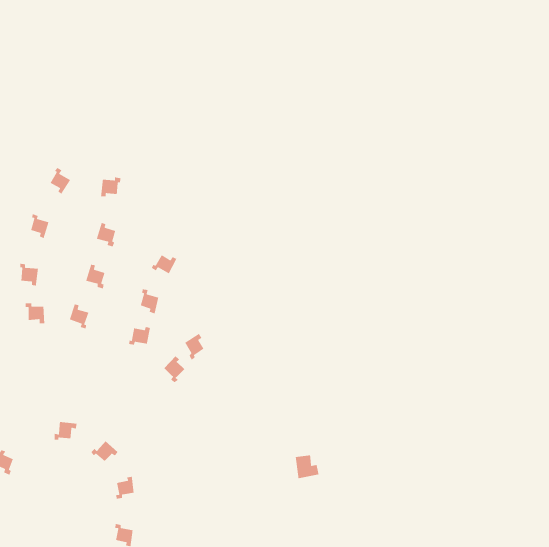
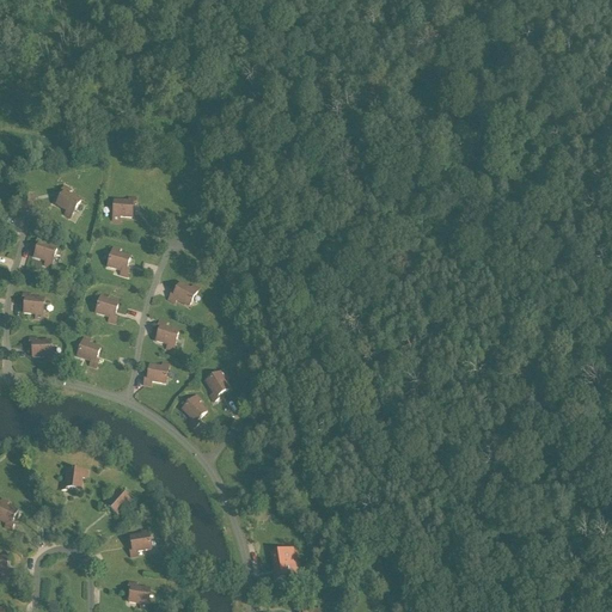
building: [295,454,319,479] -> [275,552,302,580]

